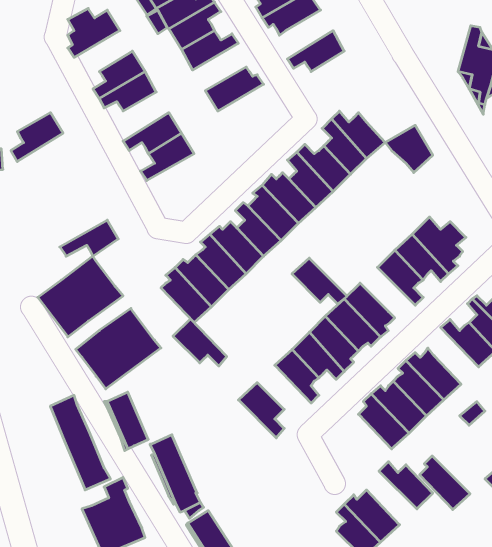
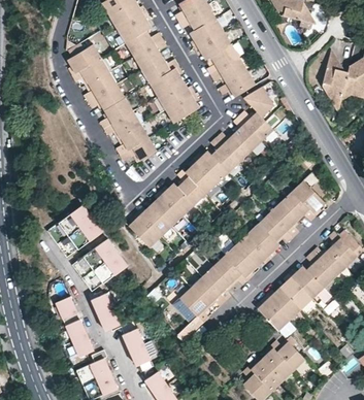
building: none -> [206,43,240,75]
building: none -> [71,57,109,84]
building: none -> [148,65,184,96]
building: none -> [218,70,256,97]
building: none -> [165,92,200,124]
building: [11,113,63,162] -> [99,97,133,129]
building: [385,125,433,173] -> [243,86,274,116]
building: [60,220,118,256] -> [119,137,157,161]
building: [292,258,347,304] -> [258,211,294,241]
building: [173,319,227,366] -> [191,275,226,306]
building: none -> [305,251,335,288]
building: [420,456,470,510] -> [262,344,295,379]

